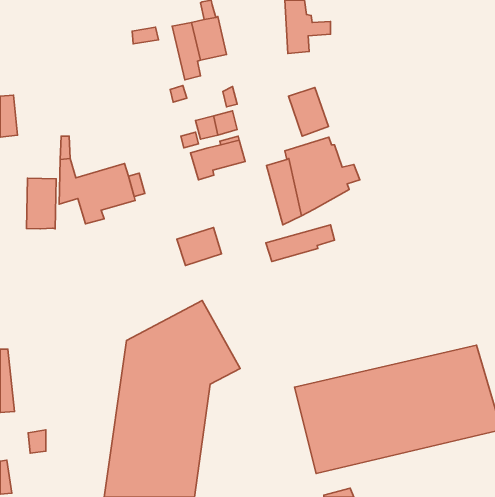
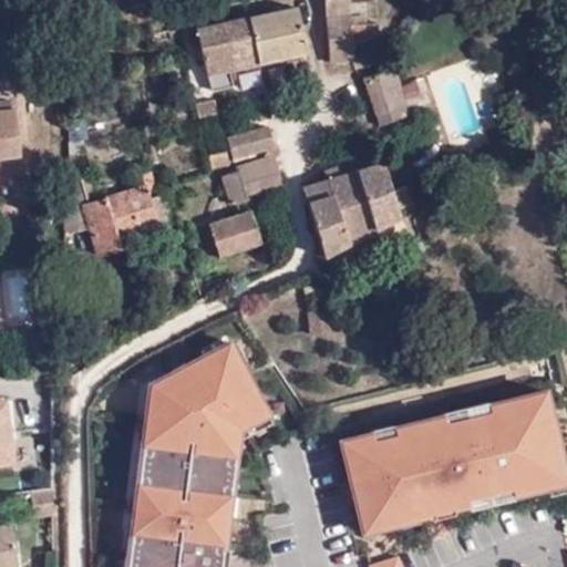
building: none -> [250,9,308,62]
building: [289,87,328,136] -> [363,69,409,124]
building: [26,178,56,229] -> none
building: [266,225,335,262] -> none
building: [177,228,221,266] -> [210,214,261,257]

